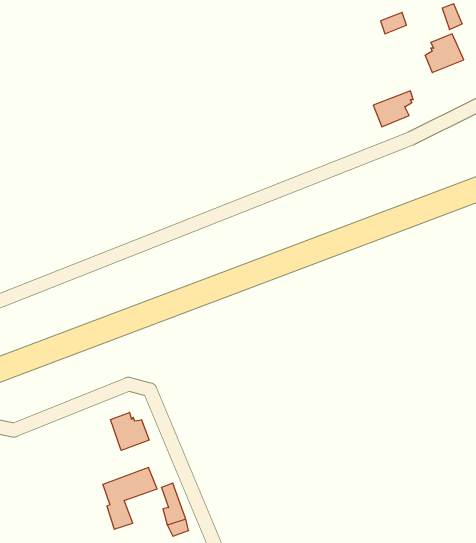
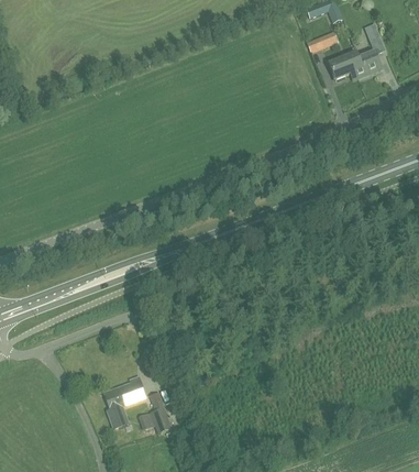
building: [373,91,413,127] -> [327,52,357,79]
building: [111,412,149,450] -> none

